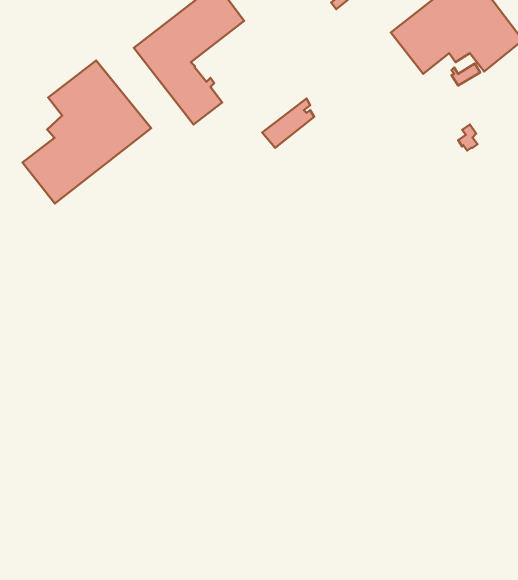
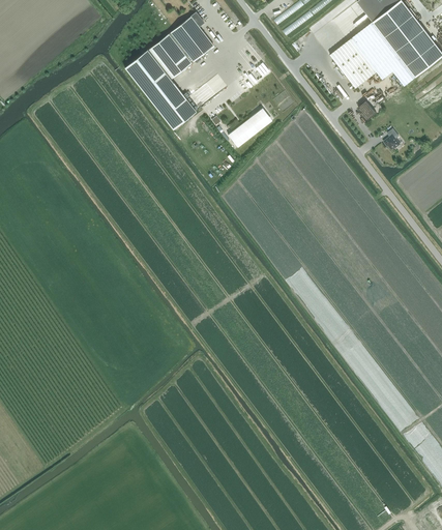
building: [23,61,151,203] -> none

